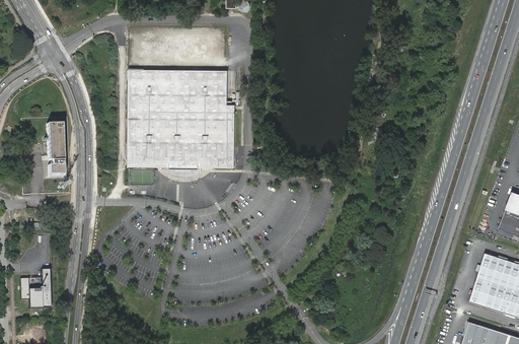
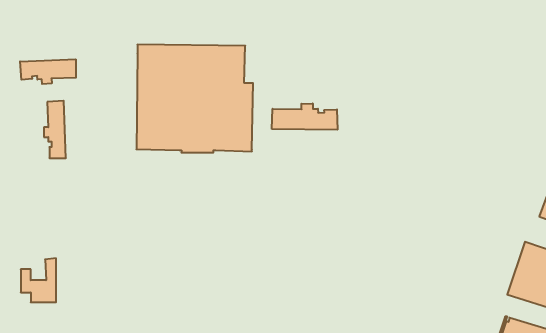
building: none -> [20,59,76,84]
building: none -> [272,103,337,130]

